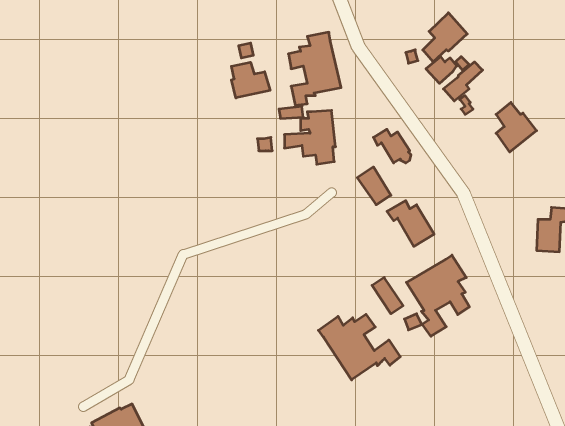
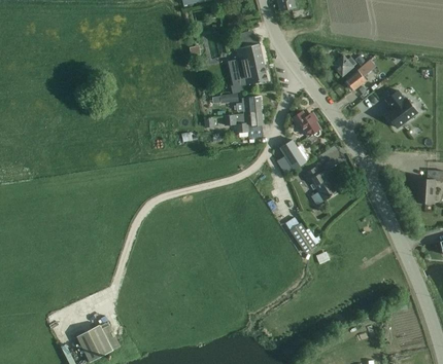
building: [423,13,467,62] -> none
building: [231,62,270,98] -> none
building: [406,255,469,336] -> none
building: [318,314,400,380] -> none

